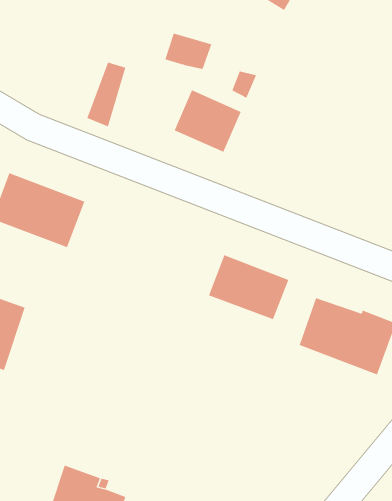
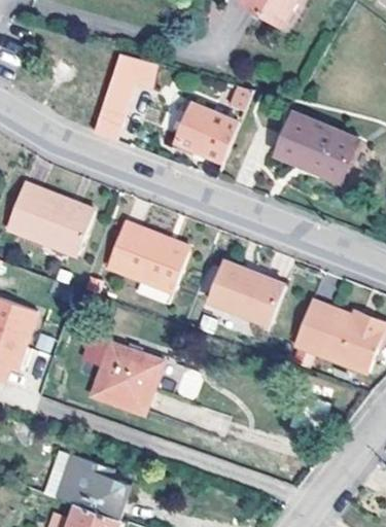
building: [164,33,212,69] -> [113,55,157,89]
building: none -> [274,114,355,181]
building: none -> [106,221,188,289]
building: none -> [91,344,160,413]

